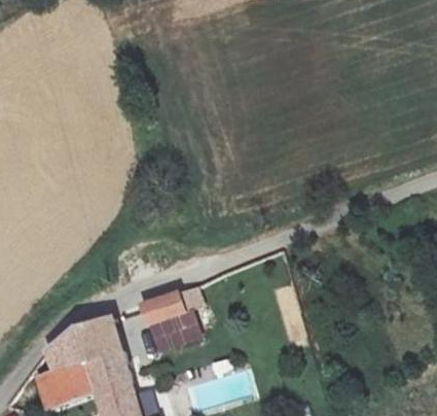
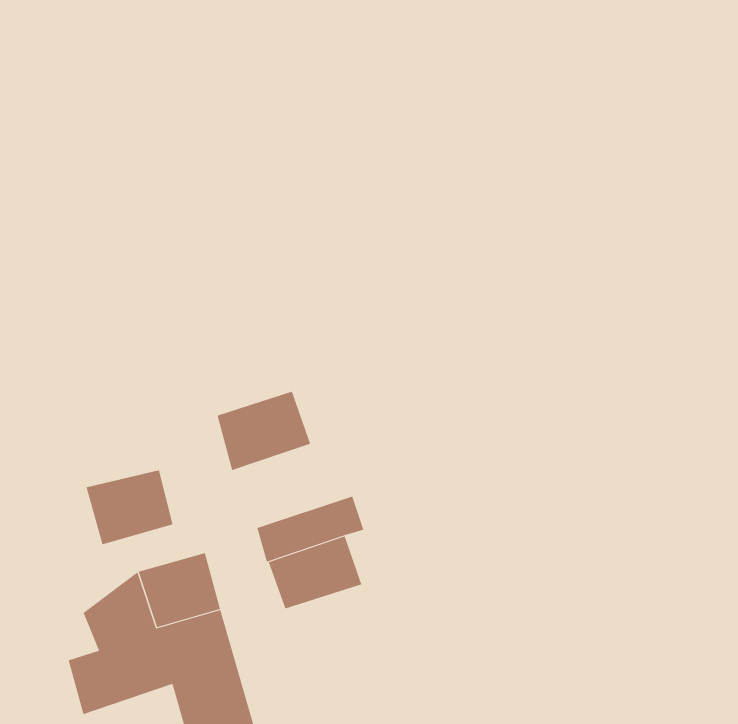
building: none -> [217,391,311,471]
building: none -> [86,469,173,545]

